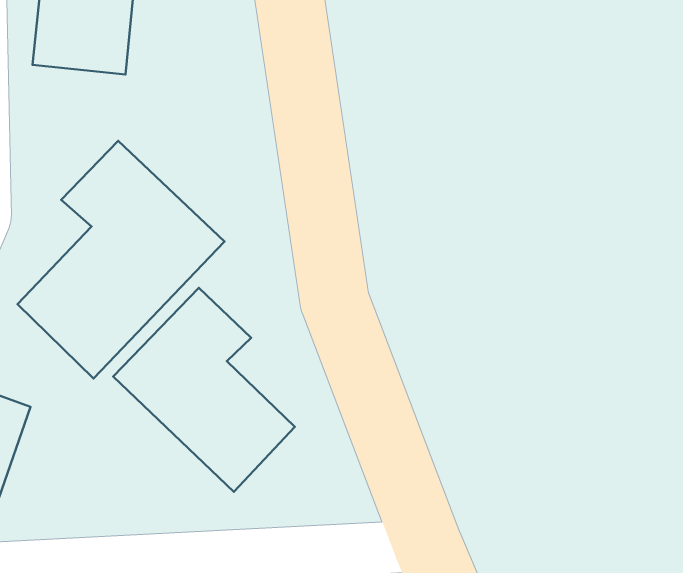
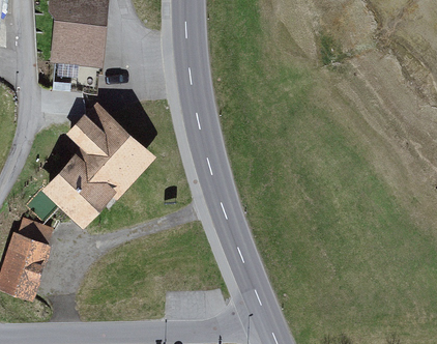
building: [113,288,295,492] -> none

